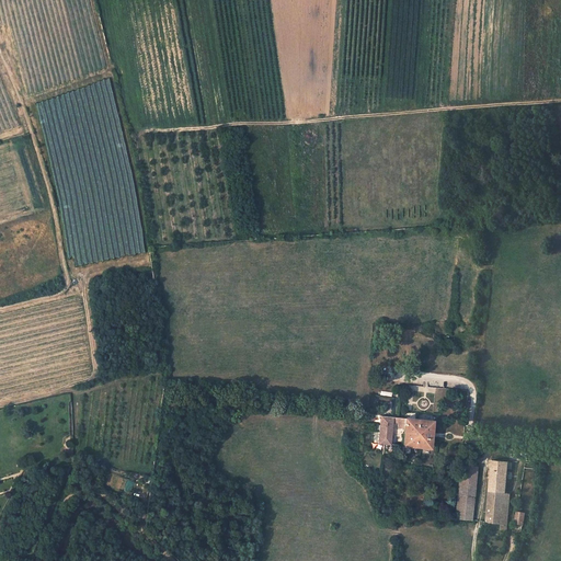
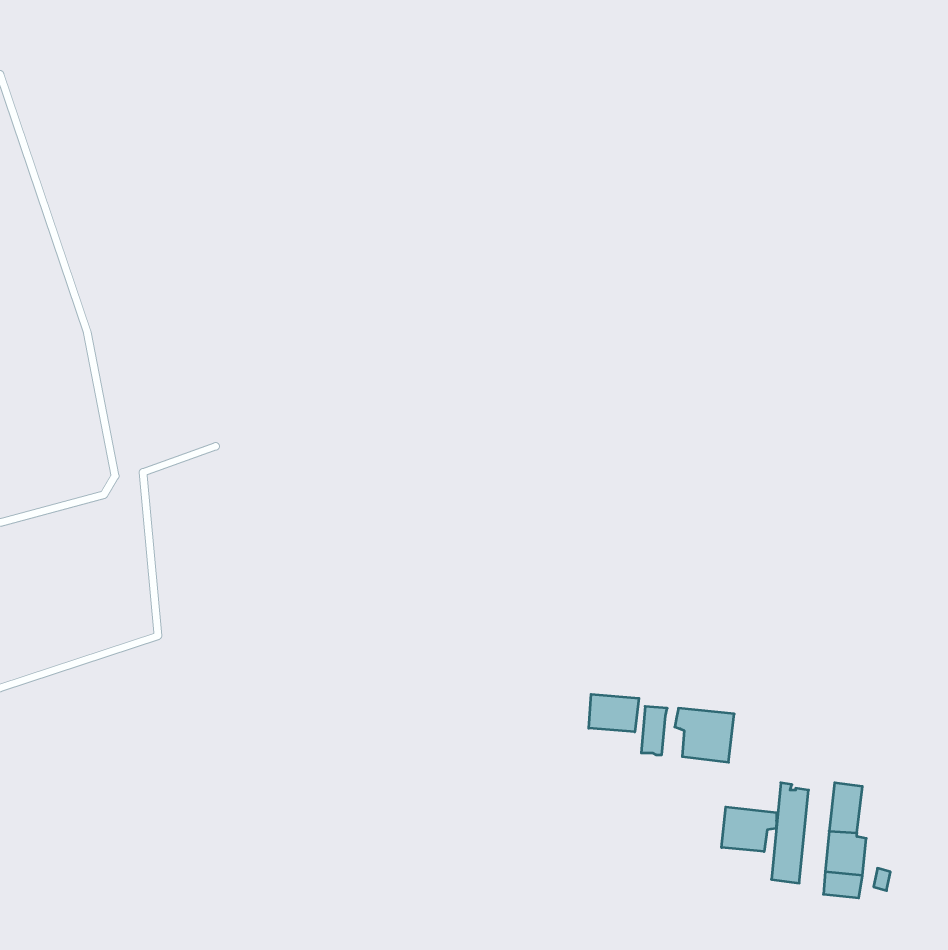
building: none -> [589,694,639,732]
building: none -> [722,807,776,852]

